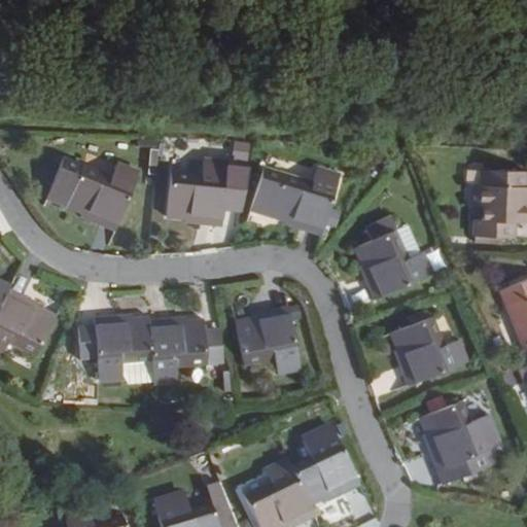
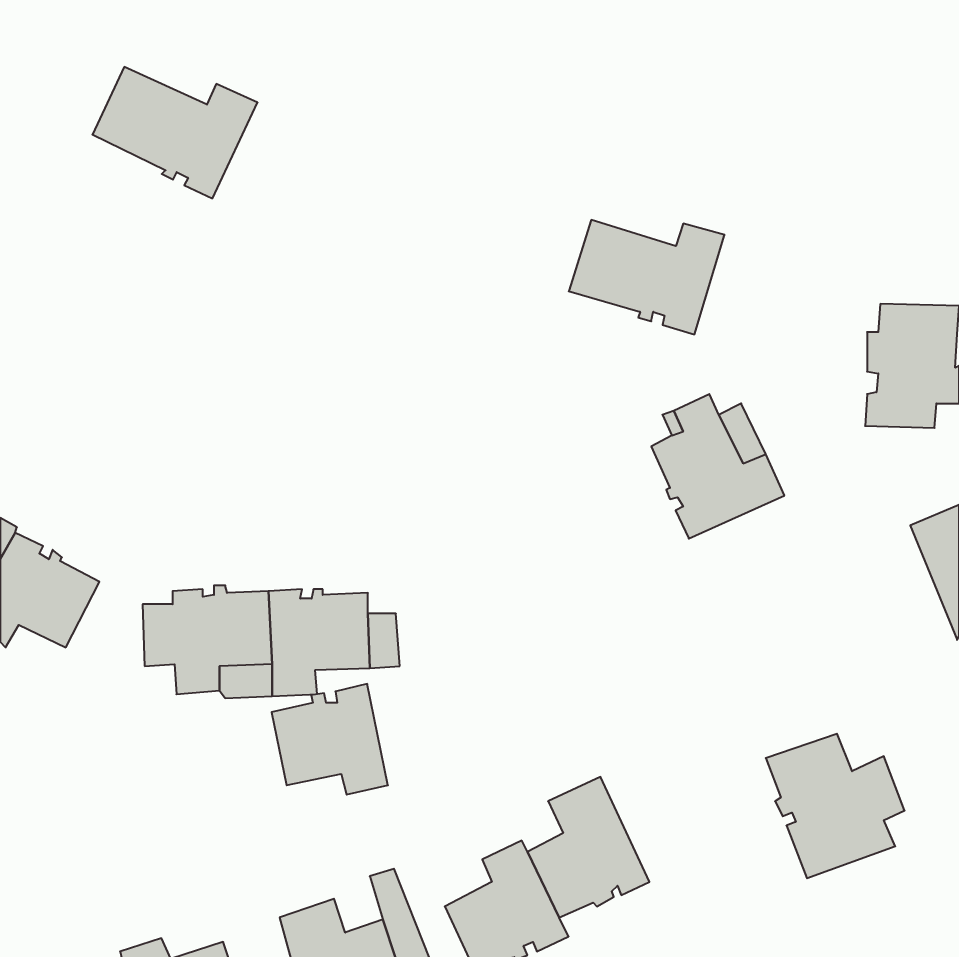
building: [49,152,140,224] -> [92,67,258,198]
building: [166,162,237,223] -> none
building: [253,167,339,230] -> [569,220,725,334]
building: [236,311,300,372] -> [272,684,388,795]
building: [393,318,464,384] -> none

